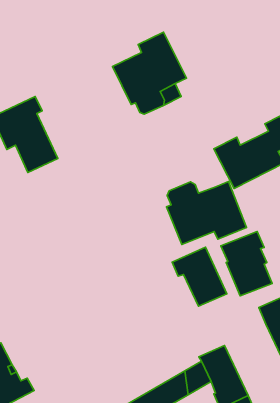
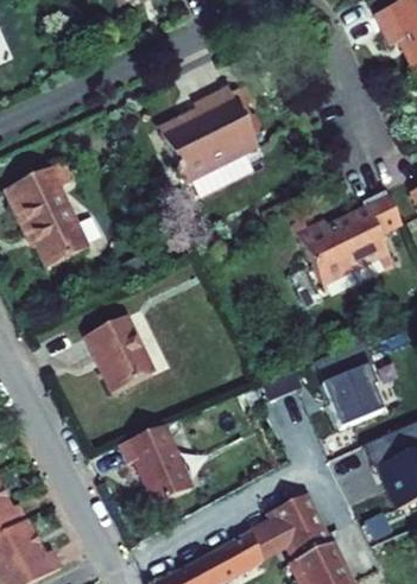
building: [167,182,246,245] -> none
building: none -> [82,310,152,388]
building: [172,247,227,306] -> [119,423,192,502]

